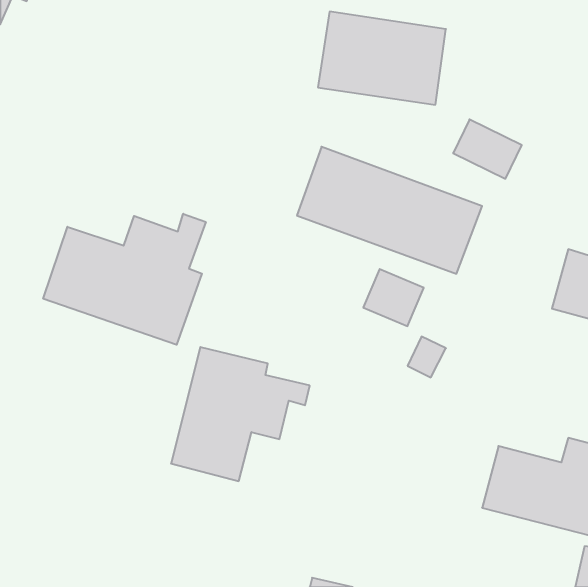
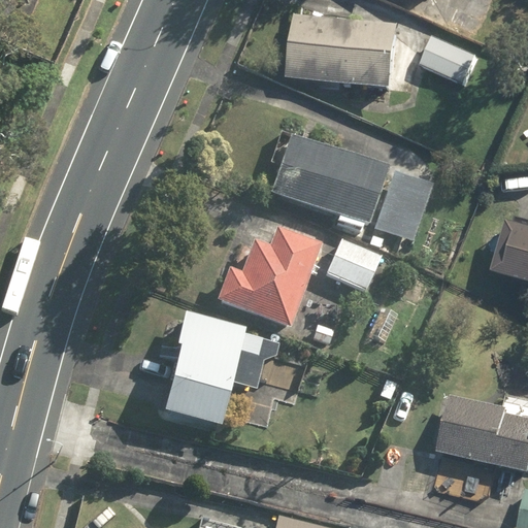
building: [453,119,522,179] -> [421,32,482,85]
building: [43,214,206,345] -> none
building: none -> [216,229,320,328]

